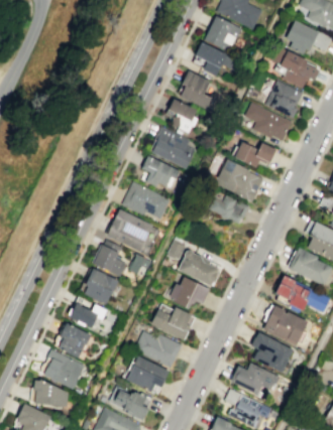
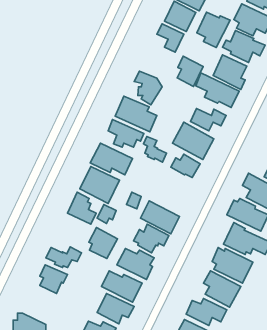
building: none -> [197,12,230,47]
building: [182,70,212,106] -> [177,56,203,87]
building: none -> [143,136,167,162]
building: [86,268,119,304] -> [89,228,117,259]
building: [38,349,84,389] -> none

